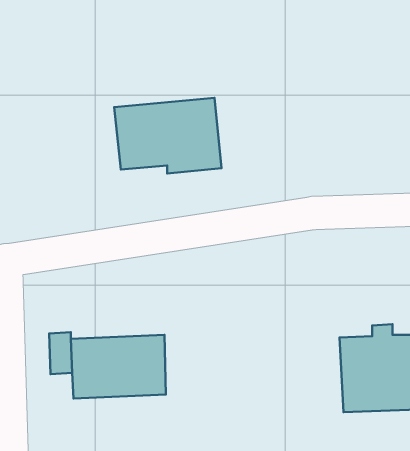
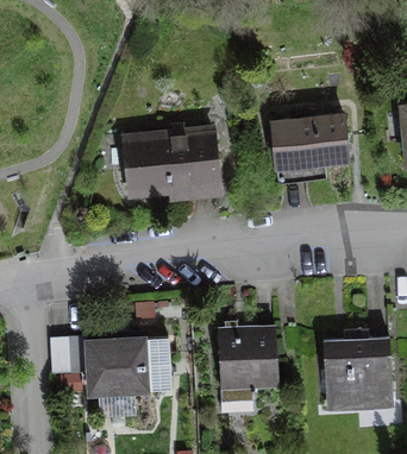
building: none -> [273,115,349,183]
building: none -> [218,327,278,411]

